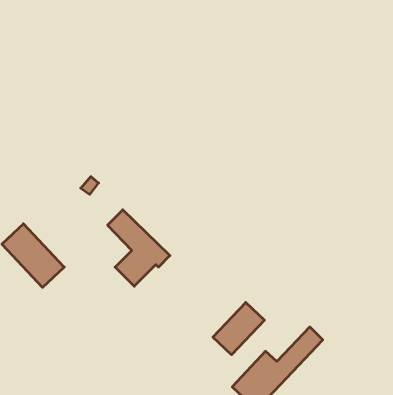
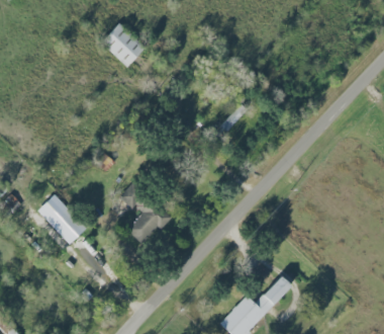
building: none -> [101,23,146,67]
building: [213,302,264,355] -> none

